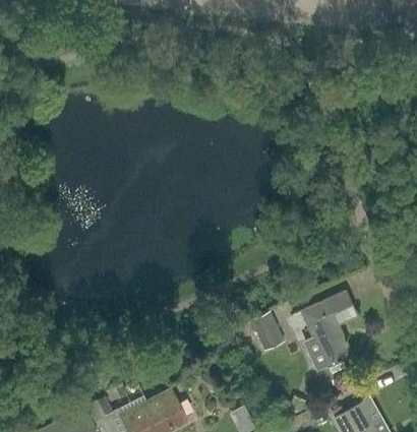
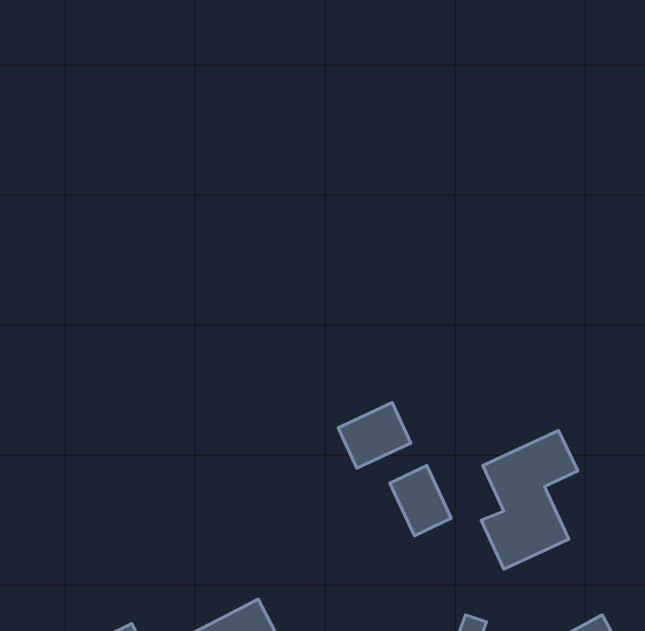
building: none -> [338,403,411,468]

